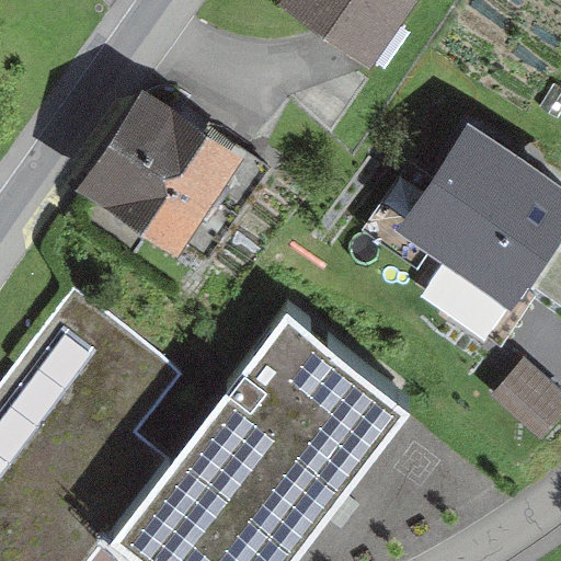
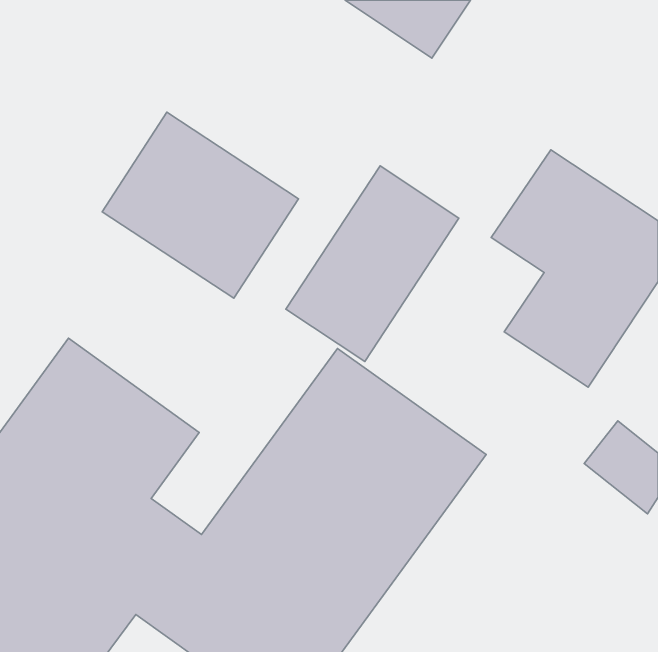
building: none -> [286,166,459,361]

